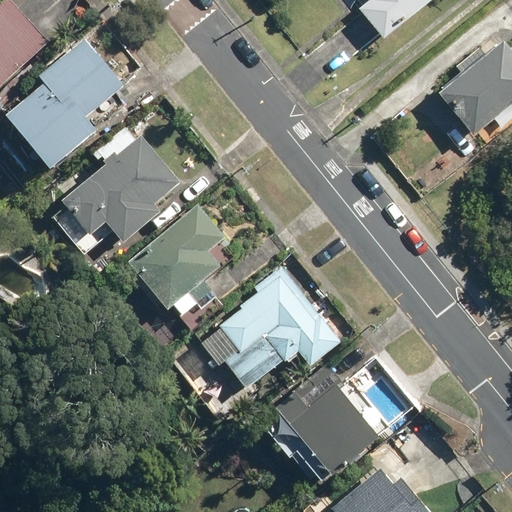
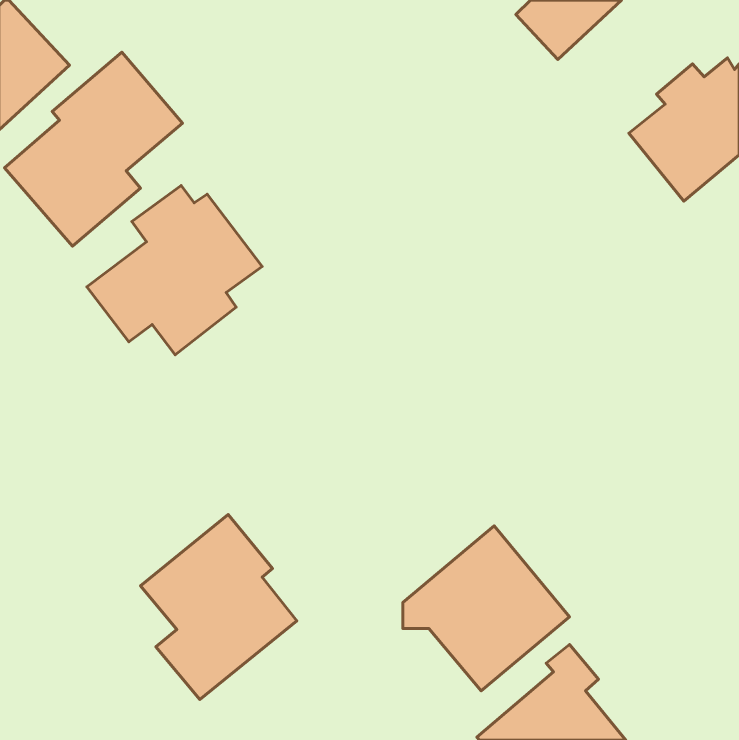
building: [126,202,227,317] -> none
building: [197,267,342,393] -> none
building: none -> [141,514,297,700]

